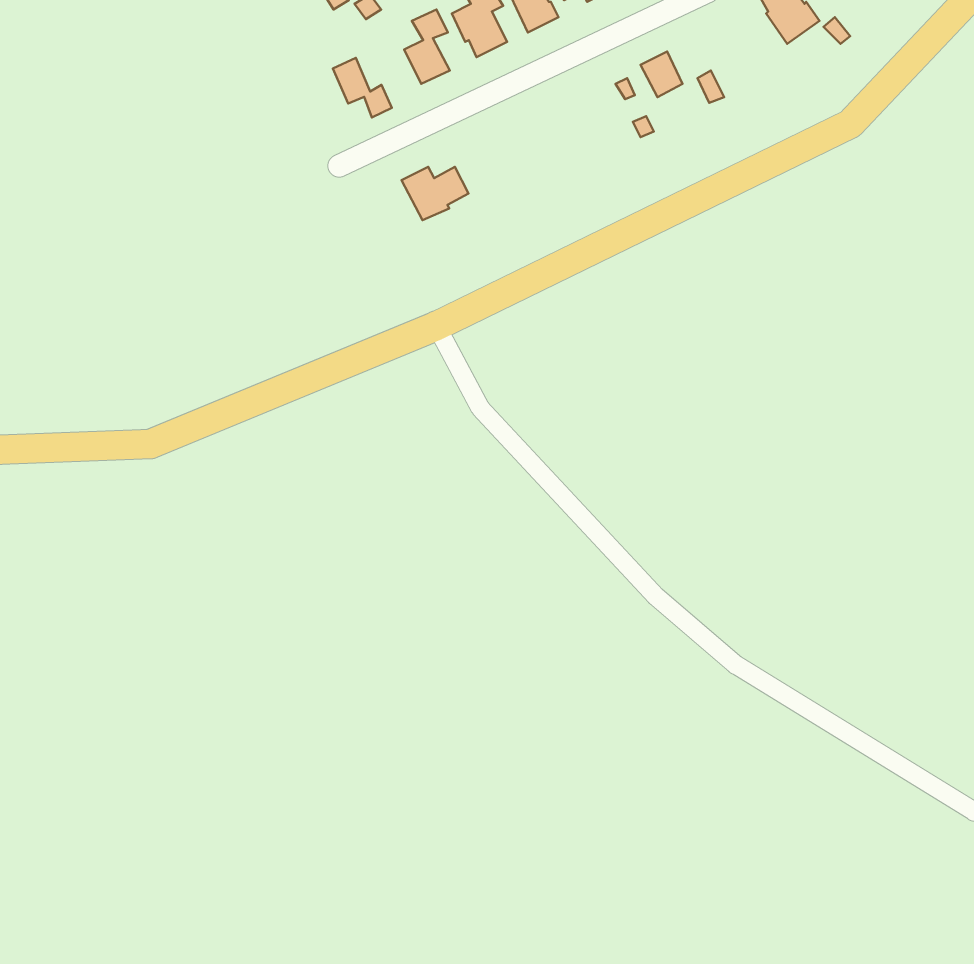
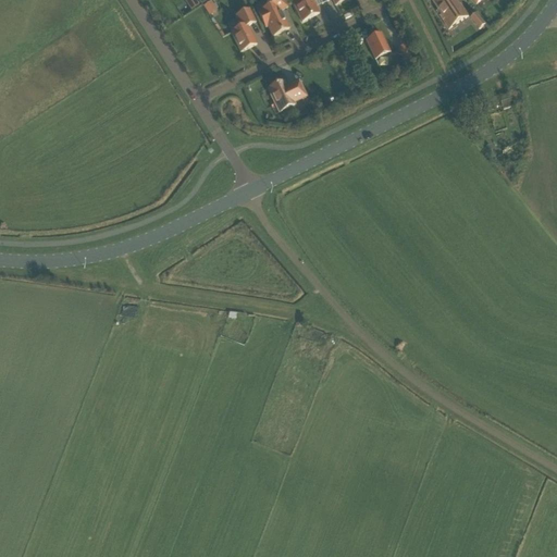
building: [333,58,392,117] -> none
building: [402,167,468,220] -> [268,77,306,108]

